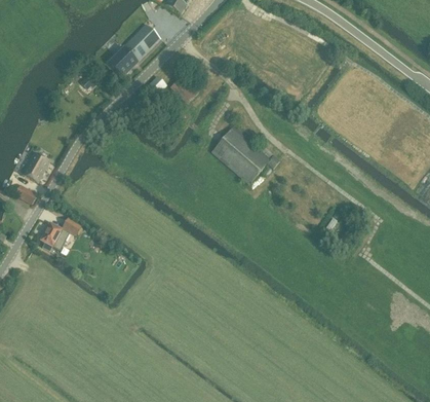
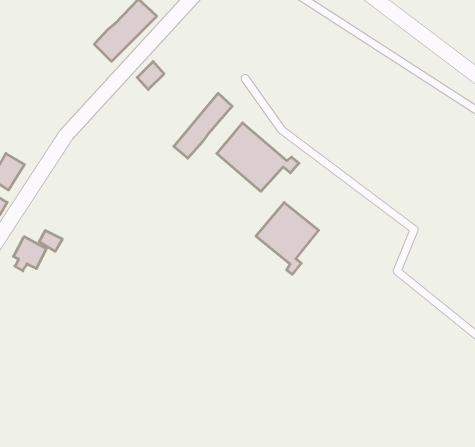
building: none -> [174,93,232,158]
building: none -> [256,202,319,274]

